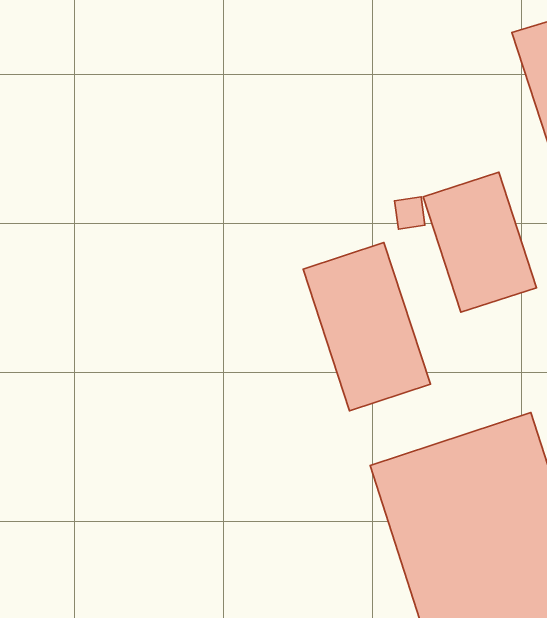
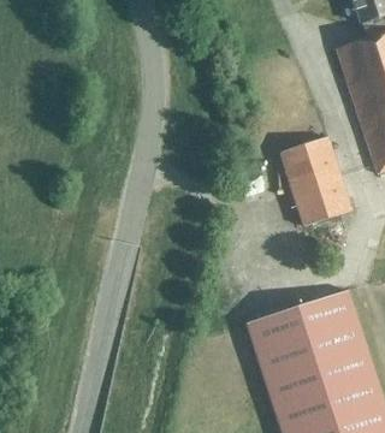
building: [303,242,430,411] -> none

